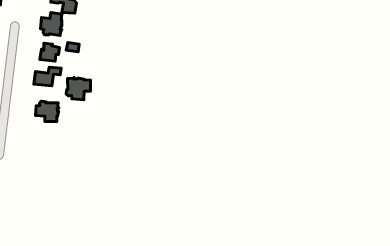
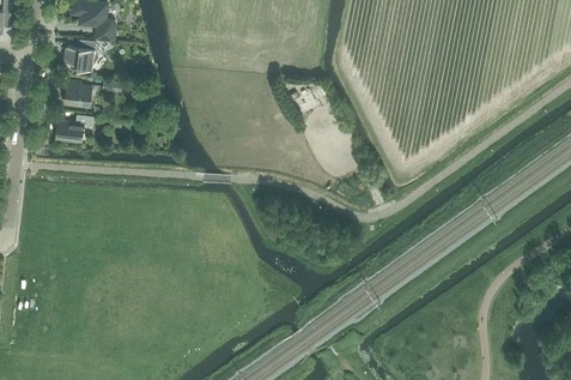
building: [66,78,91,100] -> none
building: [35,101,59,122] -> none

